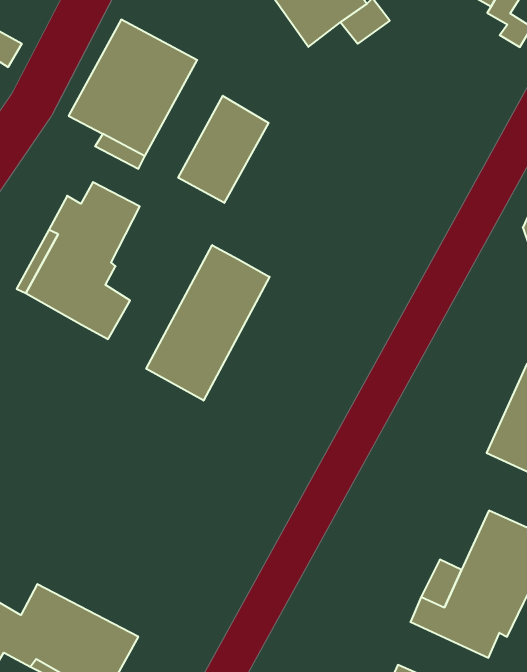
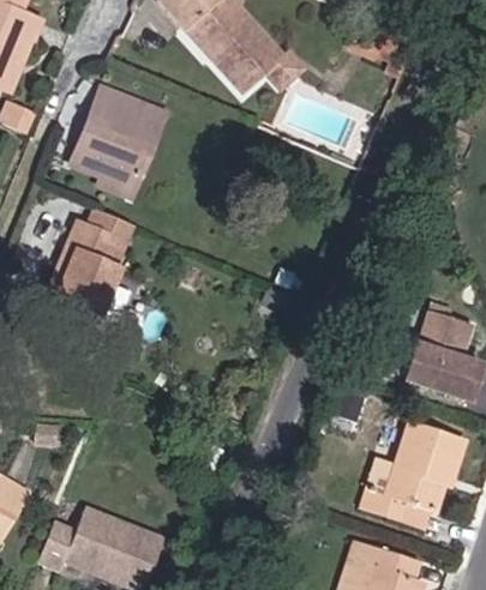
building: [178,96,269,203] -> none
building: [146,245,270,401] -> none

